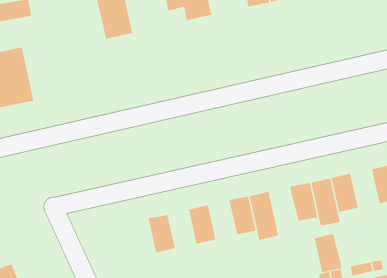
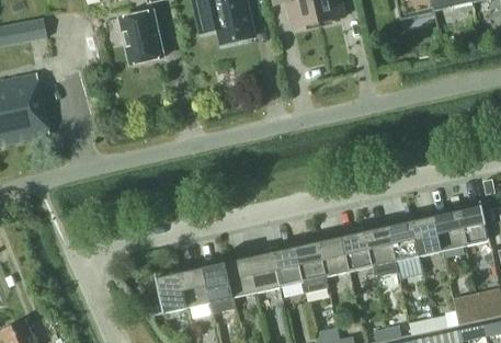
building: none -> [410,213,442,256]
building: none -> [248,248,280,293]
building: none -> [202,259,236,313]
building: none -> [139,268,187,316]
building: [314,233,343,273] -> [317,232,350,277]

